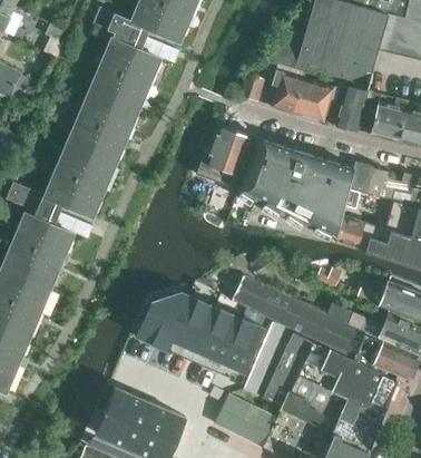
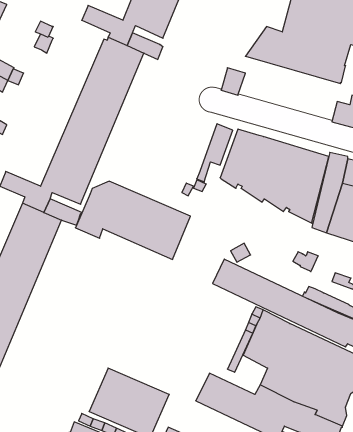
building: [271,70,339,123] -> none
building: [335,86,369,131] -> none
building: [206,126,236,183] -> none
building: [143,290,264,372] -> [75,181,190,259]

